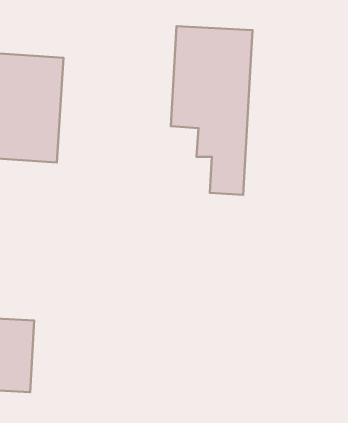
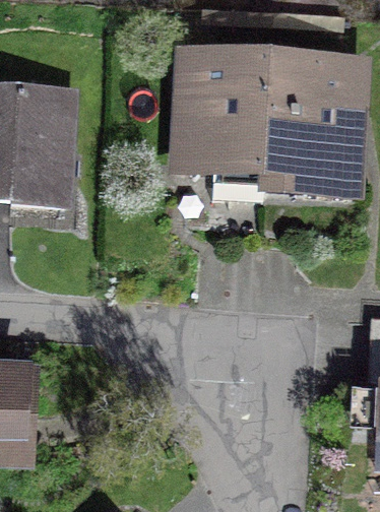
building: none -> [262,57,359,235]

